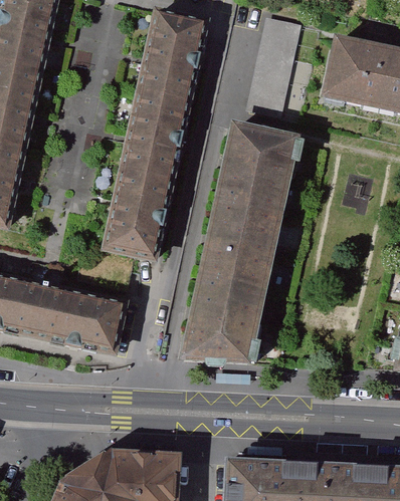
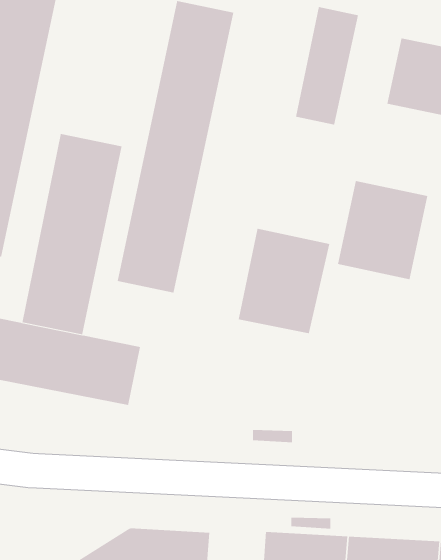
building: none -> [22,133,122,335]
building: [220,132,296,215] -> [337,180,428,280]
building: [186,278,264,365] -> none

